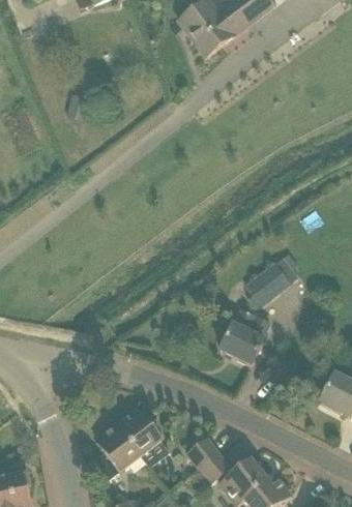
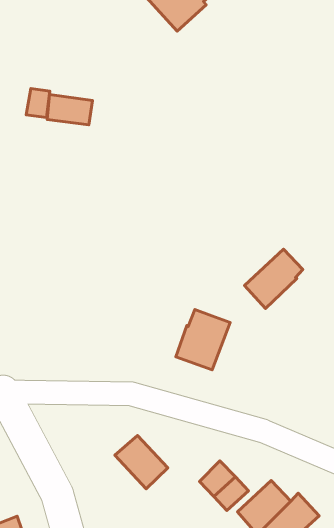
building: none -> [47,94,93,125]
building: [219,309,270,364] -> [176,309,230,370]
building: [93,424,140,480] -> none

